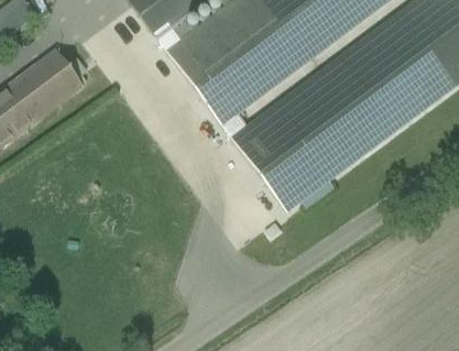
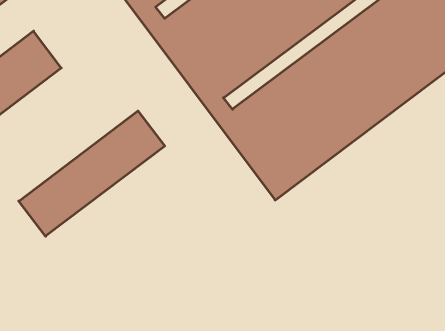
building: none -> [19,111,165,236]

